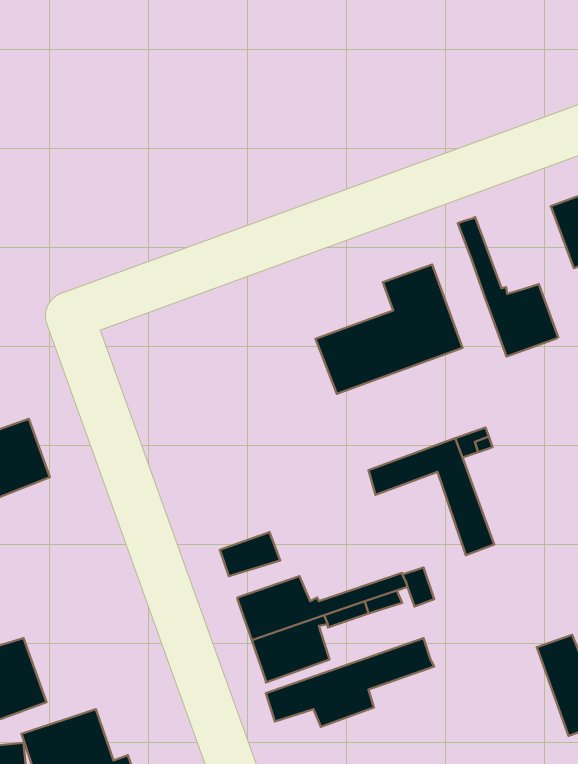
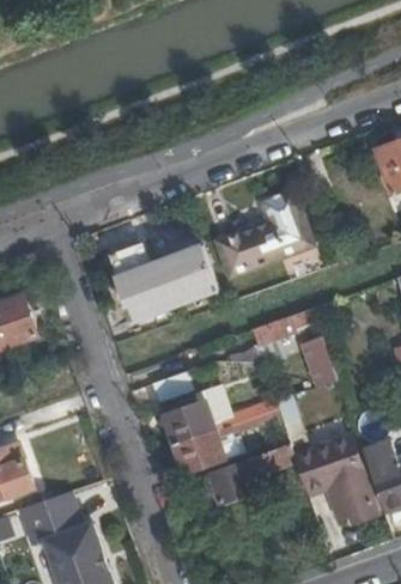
building: [458,217,558,357] -> none
building: none -> [114,243,217,316]
building: none -> [293,437,377,522]

